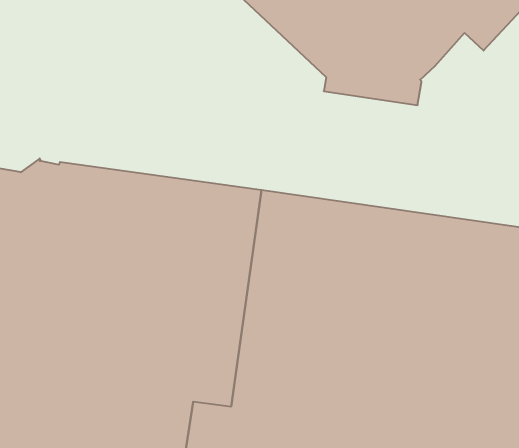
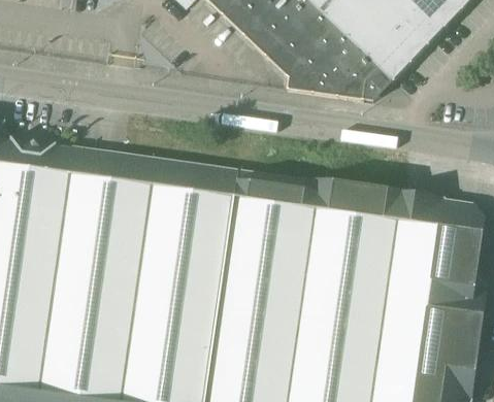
building: none -> [377,41,417,81]

